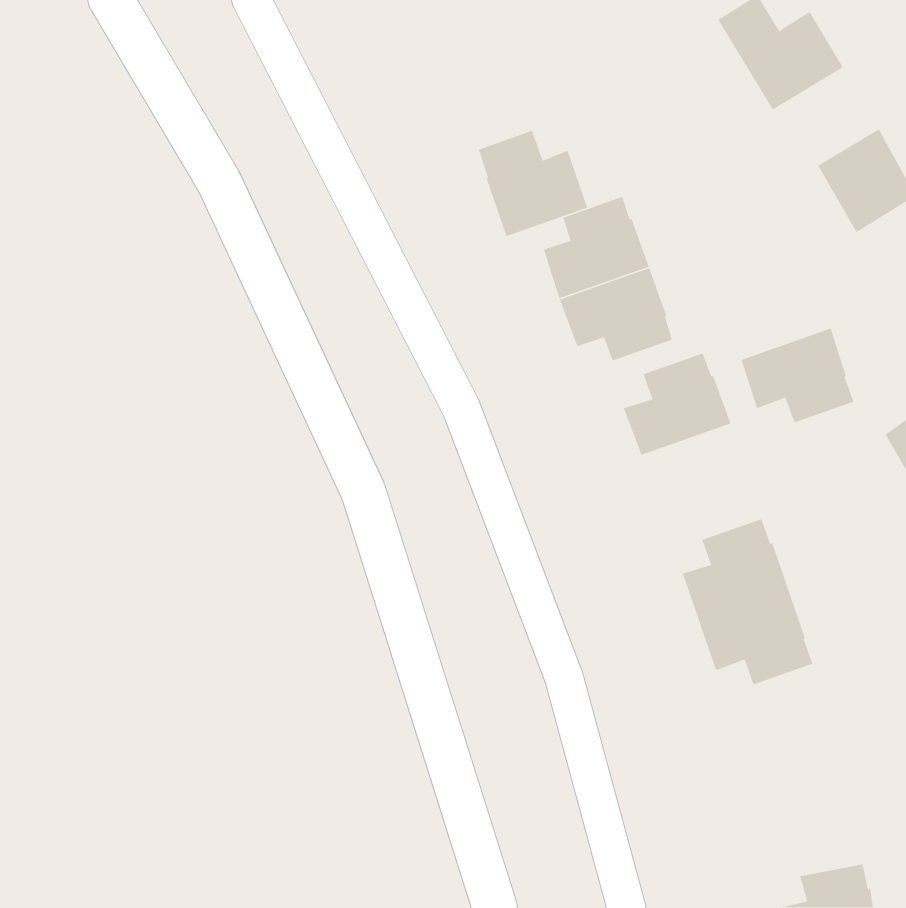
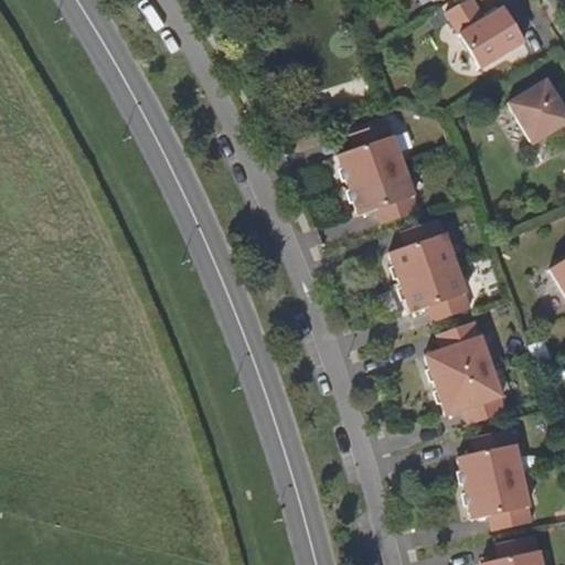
building: [478,130,588,237] -> none
building: [740,327,854,424] -> [399,263,470,322]
building: none -> [458,428,532,531]

